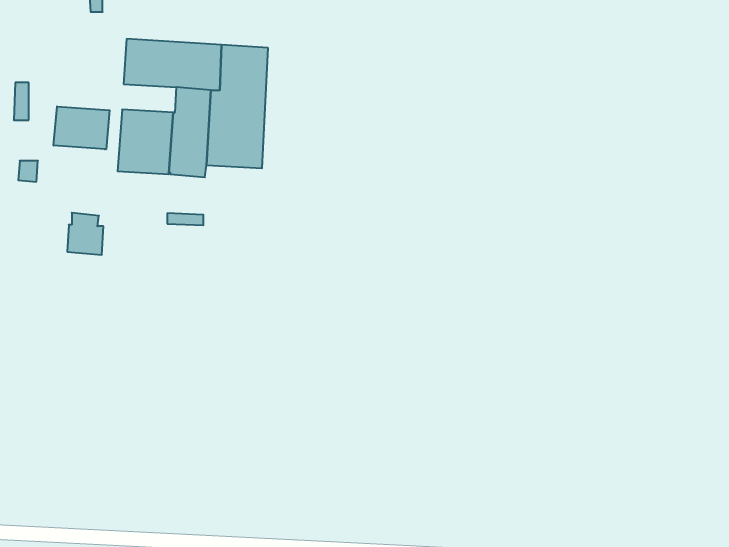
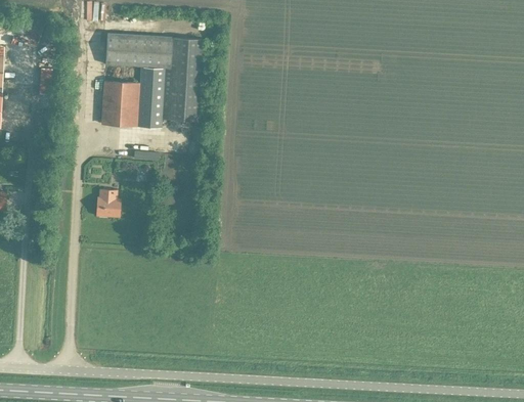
building: [54,106,110,149] -> none
building: [67,213,103,255] -> [95,188,120,217]

